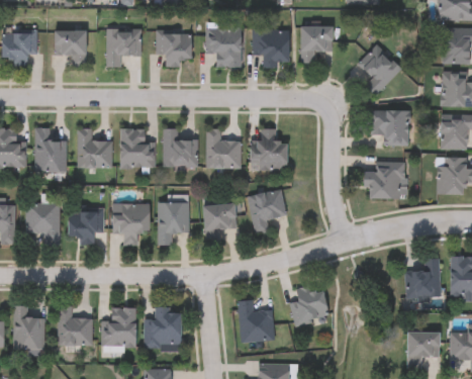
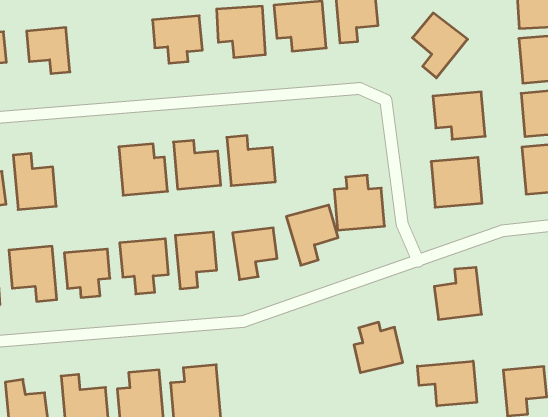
building: [105,28,139,66] -> none
building: [77,128,111,167] -> none
building: [251,128,288,170] -> [334,175,385,230]
building: [405,259,441,297] -> [434,267,482,319]
building: [237,299,274,343] -> none
building: none -> [417,361,477,406]

